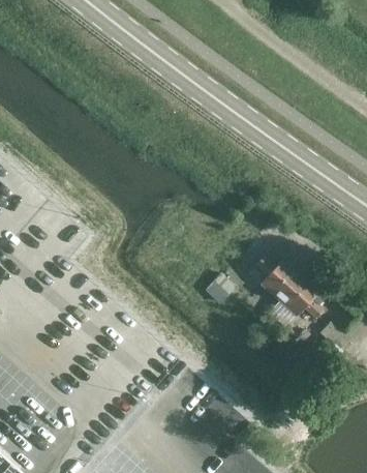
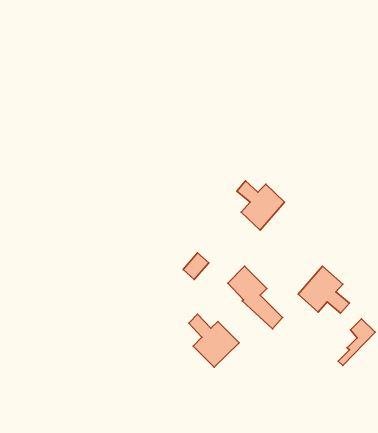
building: [256,252,301,297] -> [237,181,285,230]
building: none -> [189,314,239,367]

